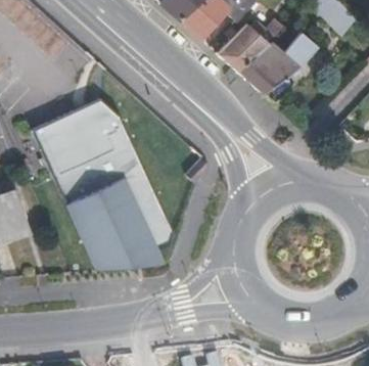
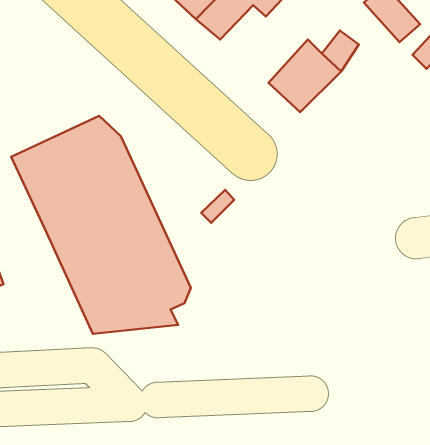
building: [213,13,274,67] -> none

